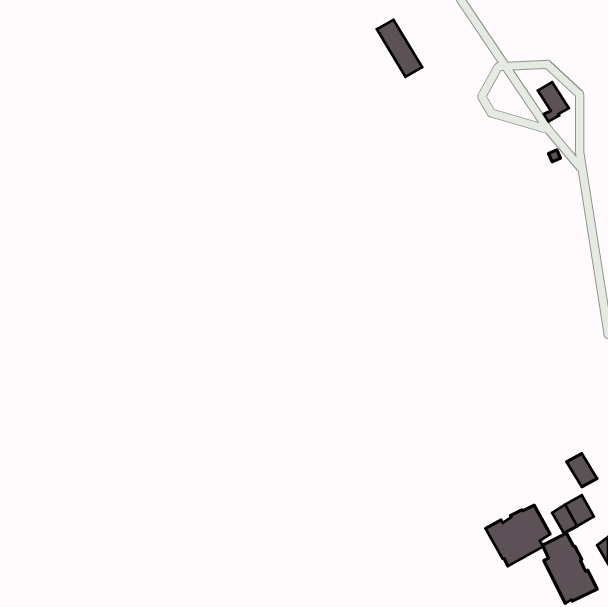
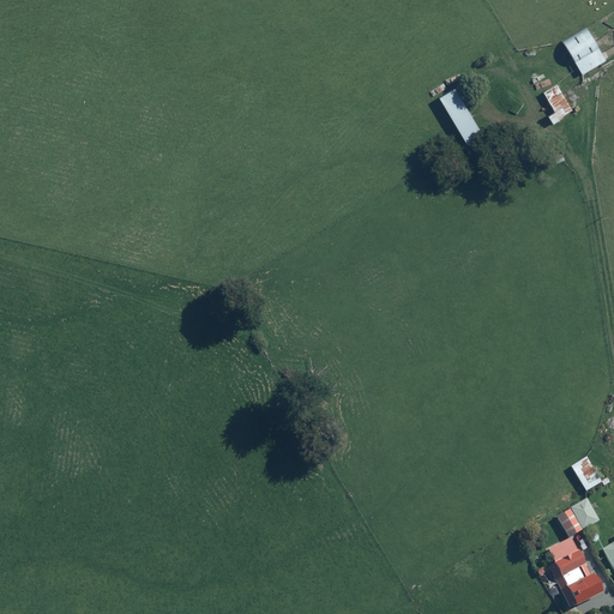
building: [377,20,422,77] -> [439,88,484,145]
building: none -> [562,26,607,73]
building: [485,505,550,566] -> none

